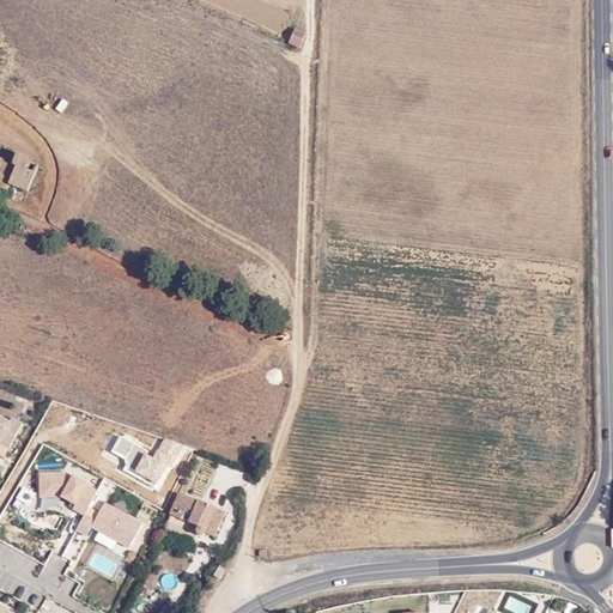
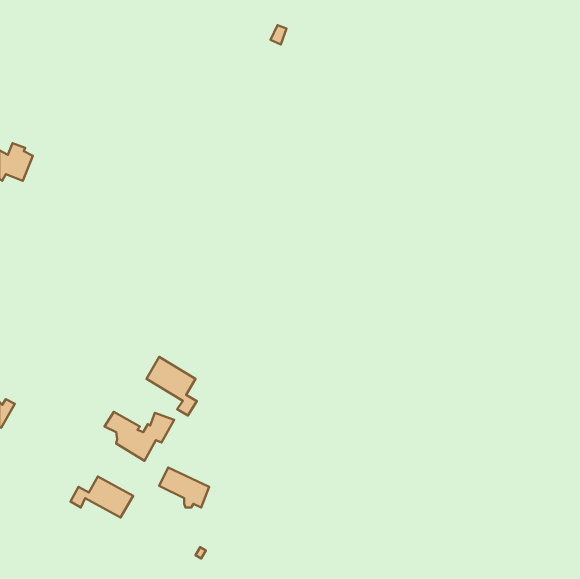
building: none -> [147,357,197,416]
building: [36,467,96,512] -> none

